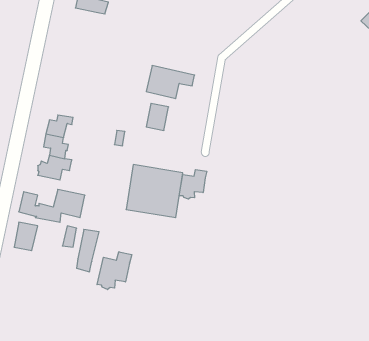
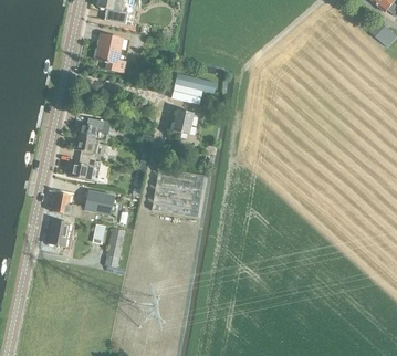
building: none -> [94,33,128,72]
building: [179,170,207,199] -> none
building: [97,252,132,290] -> none

